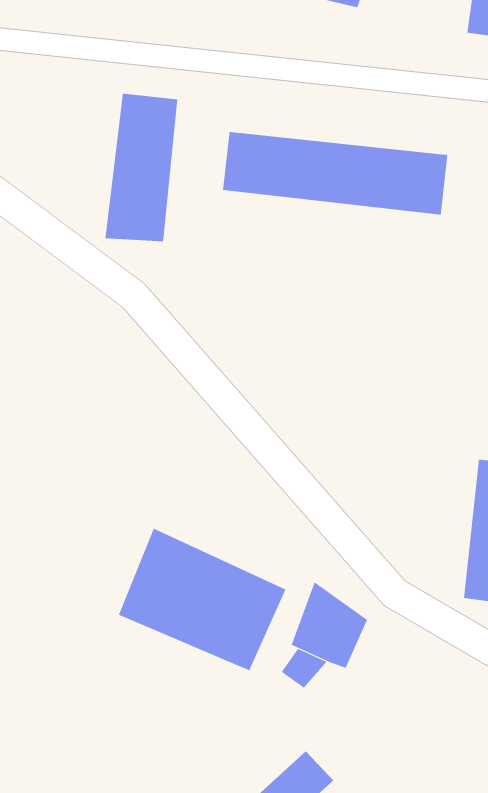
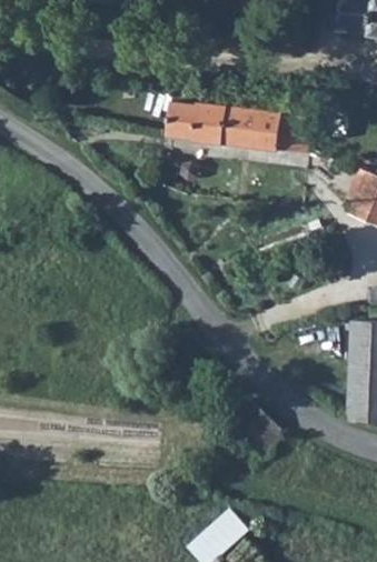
building: [105,93,178,242] -> none
building: [118,528,286,671] -> none

